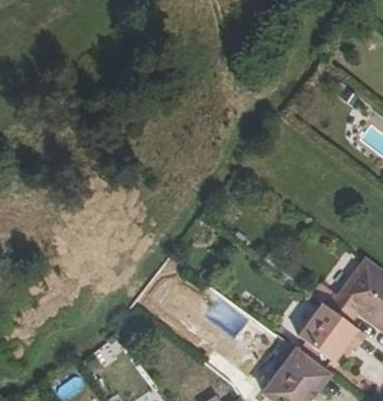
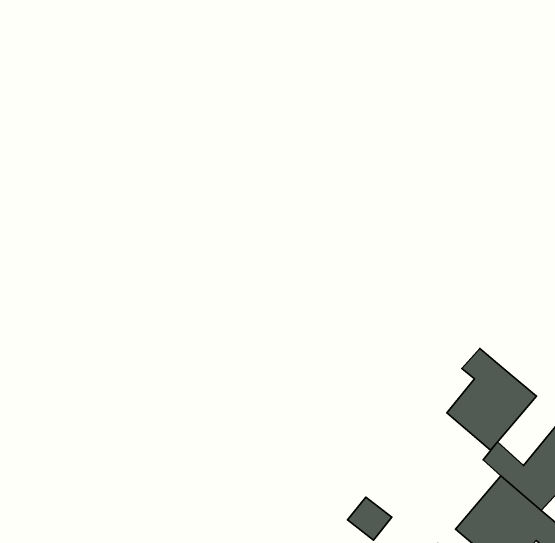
building: none -> [447,348,536,450]

